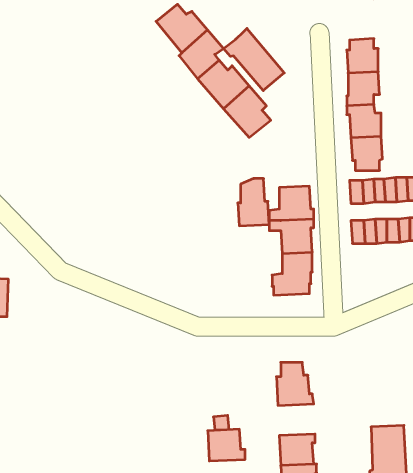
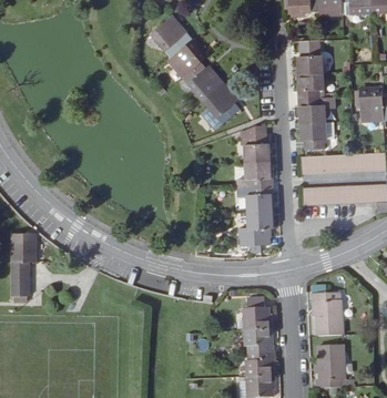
building: [223,28,284,91] -> none
building: [238,179,269,226] -> [245,125,269,162]
building: none -> [313,293,343,337]
building: [208,429,245,461] -> [245,329,274,354]

